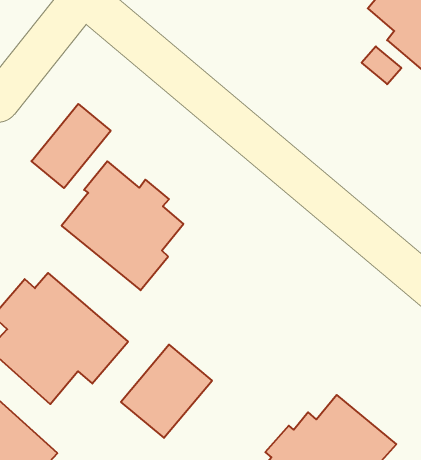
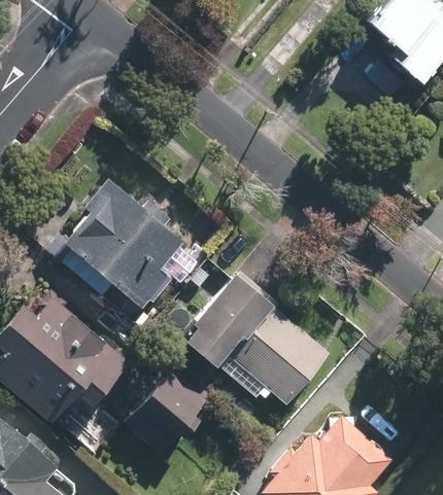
building: [31,104,111,188] -> none
building: none -> [181,271,330,406]

